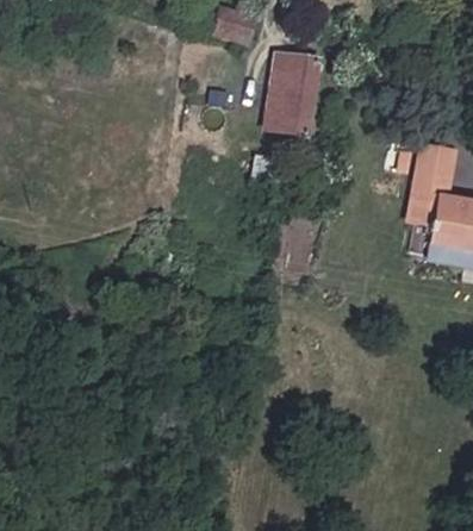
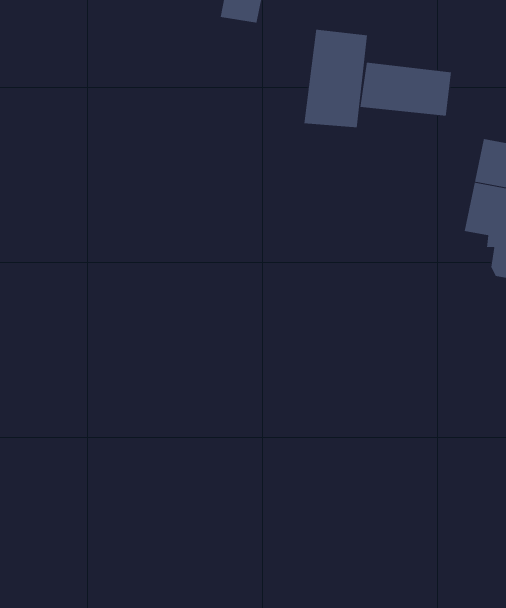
building: none -> [360,62,451,116]

